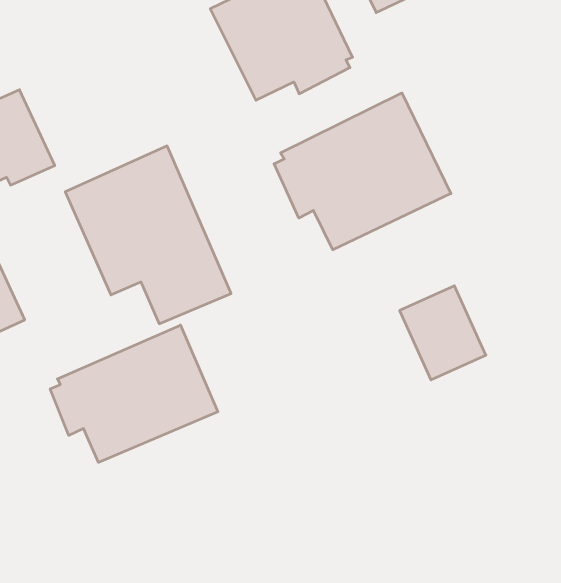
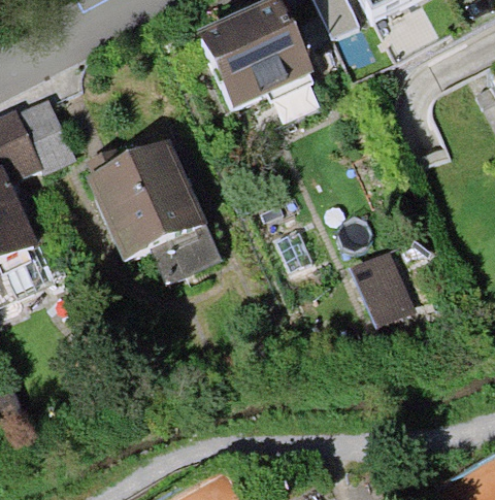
building: [274,93,451,250] -> none
building: [50,325,218,462] -> none

